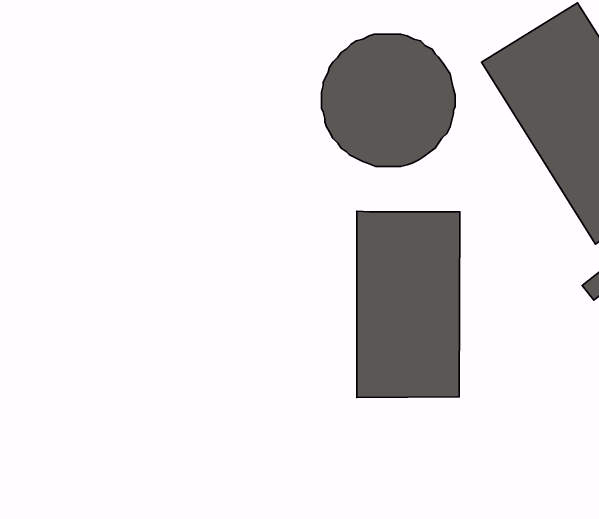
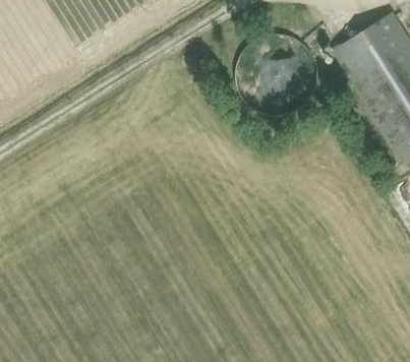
building: [357,211,460,397] -> none

